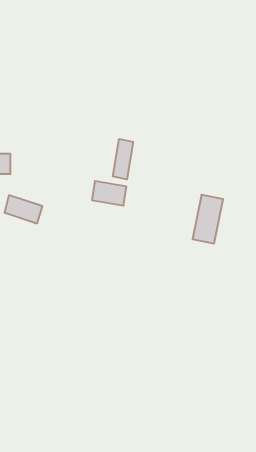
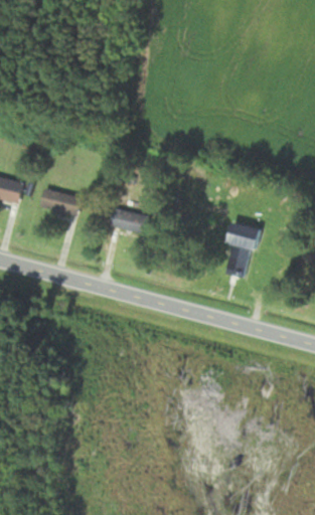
building: [113,139,133,179] -> none
building: [4,195,42,223] -> [39,187,82,218]

